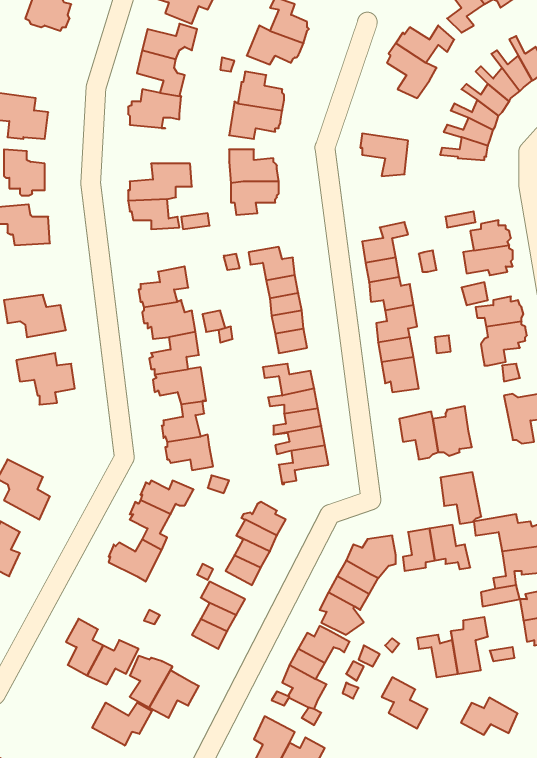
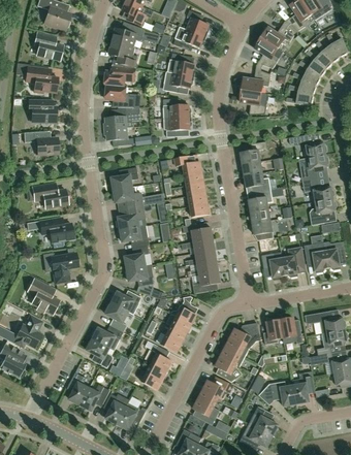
building: none -> [34,33,62,60]
building: none -> [240,70,269,93]
building: none -> [103,85,134,107]
building: none -> [50,253,78,284]
building: [440,472,481,524] -> [304,242,327,272]
building: none -> [86,339,111,368]
building: [461,698,518,735] -> [238,427,272,449]
building: [92,702,152,746] -> none

